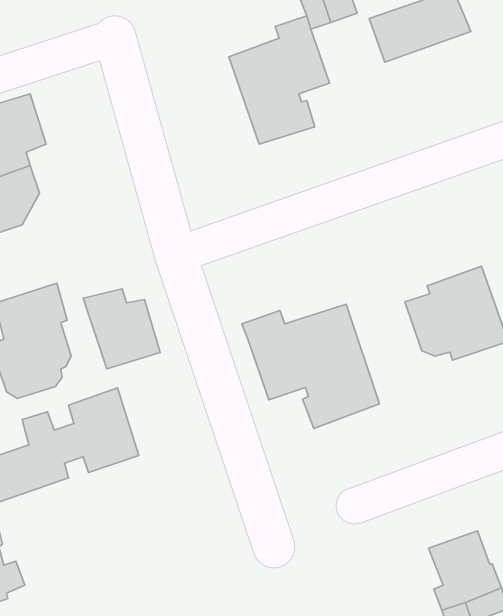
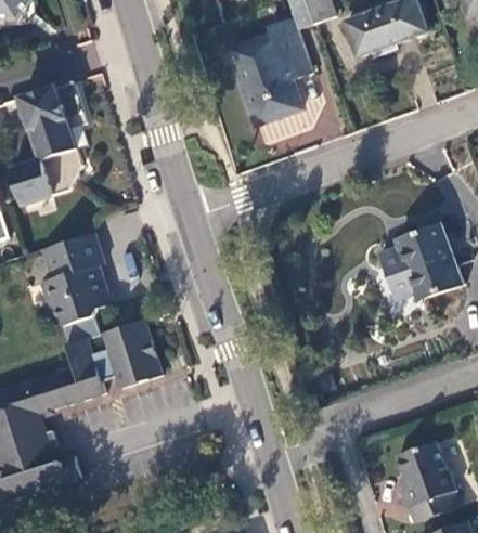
building: [83,289,160,369] -> none
building: [242,304,380,428] -> none

